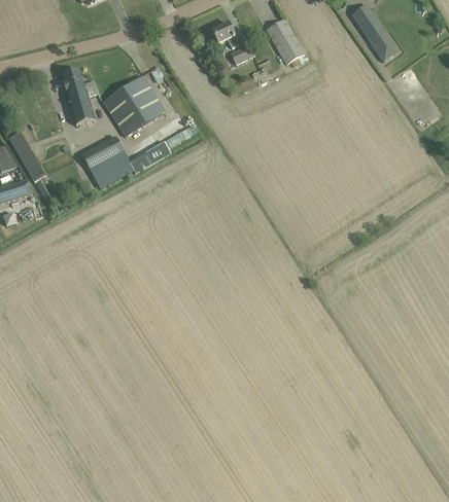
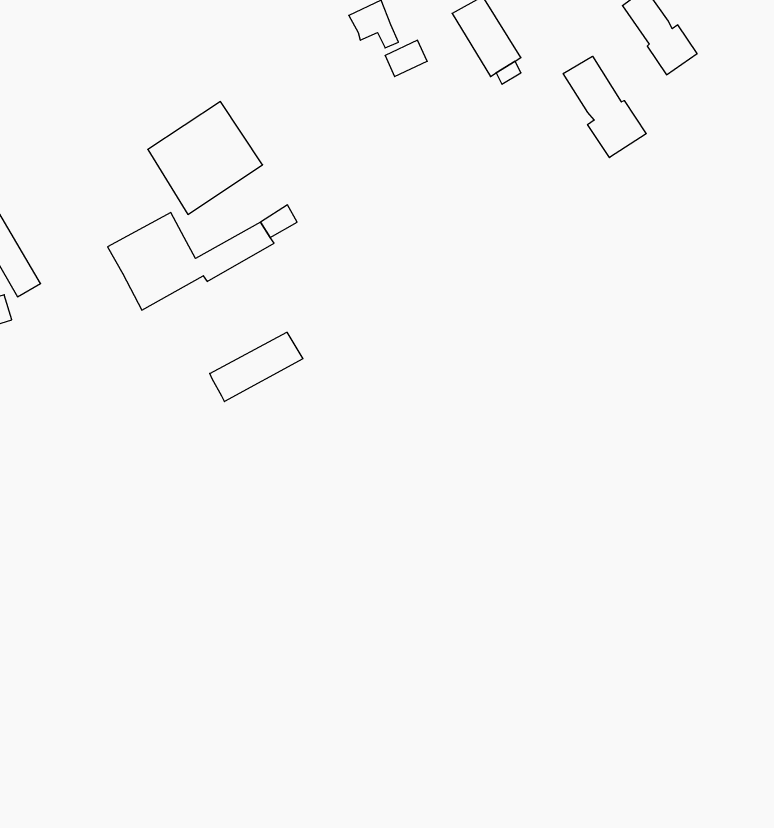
building: none -> [563,56,646,158]
building: [61,68,97,124] -> none
building: none -> [210,332,303,402]

